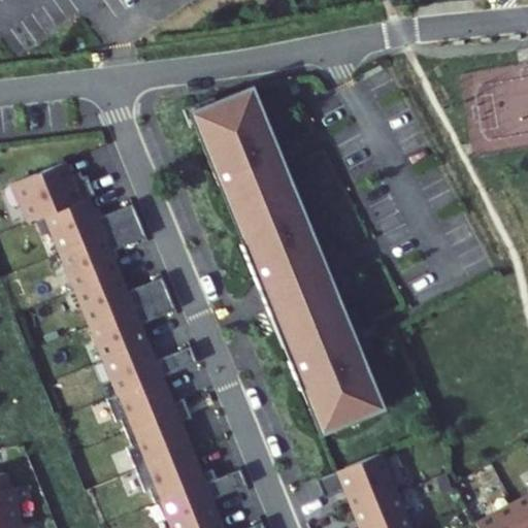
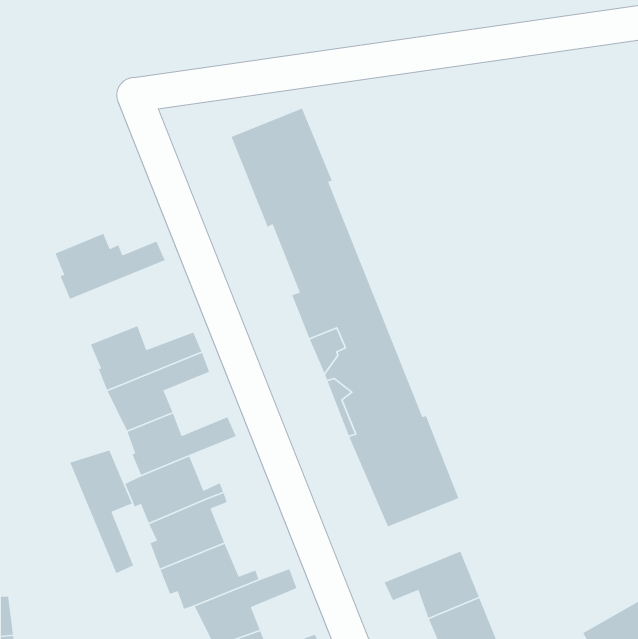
building: [21,161,100,219] -> none
building: [64,219,150,287] -> none
building: none -> [69,449,134,574]

